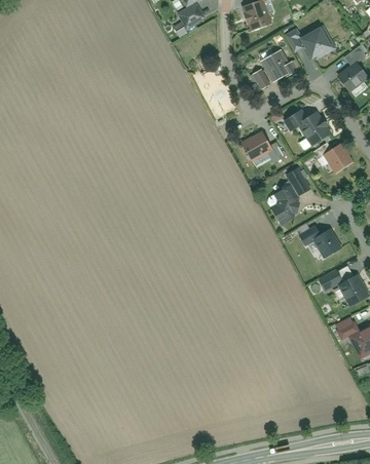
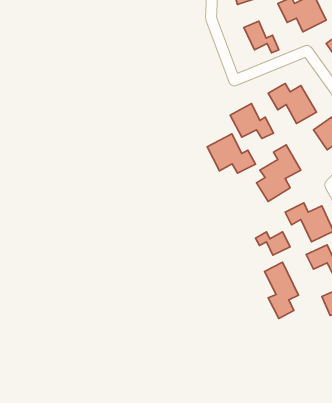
building: none -> [207,134,255,173]
building: none -> [256,232,290,255]
building: none -> [264,262,299,318]

